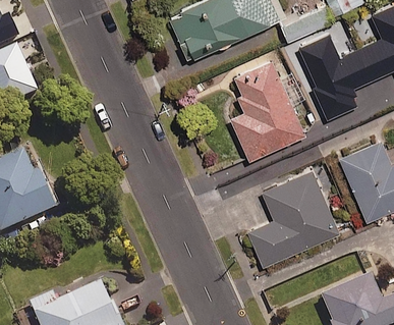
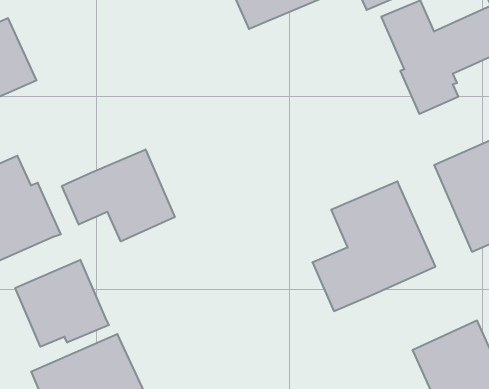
building: [227,56,303,157] -> none
building: none -> [62,149,175,241]
building: none -> [15,260,109,347]

